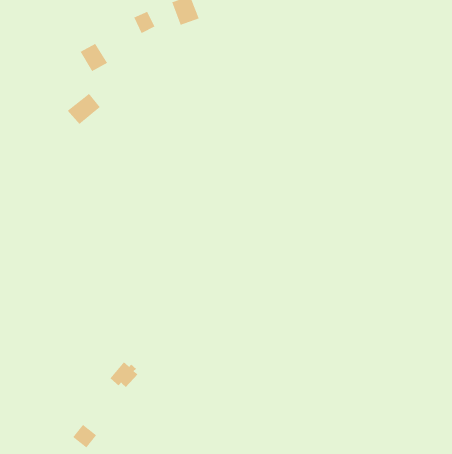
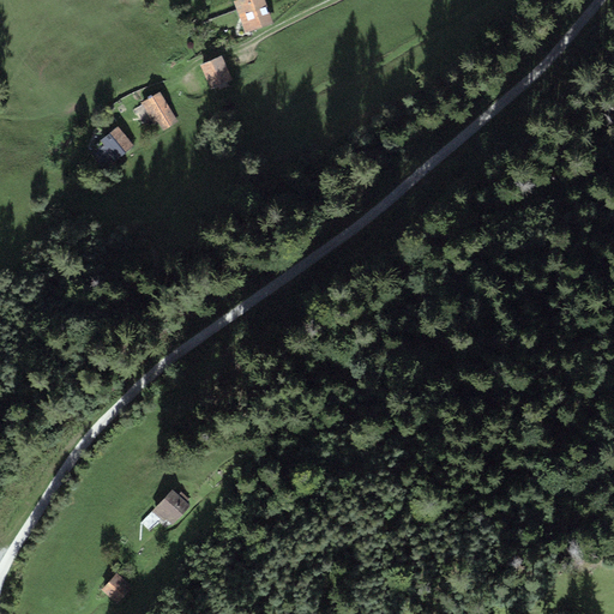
building: [133,11,156,34] -> [200,58,230,89]
building: [79,43,108,72] -> [140,92,179,132]

